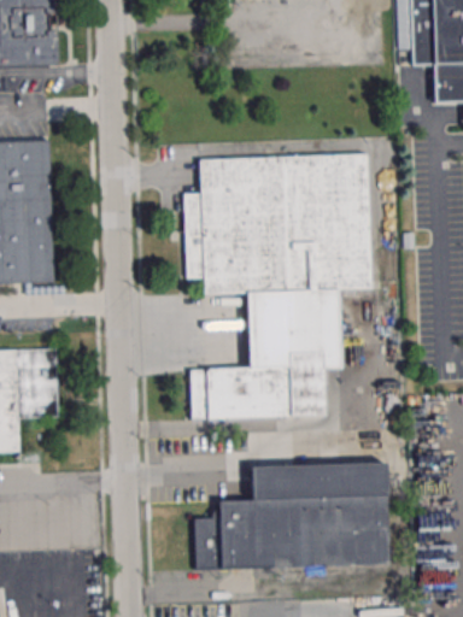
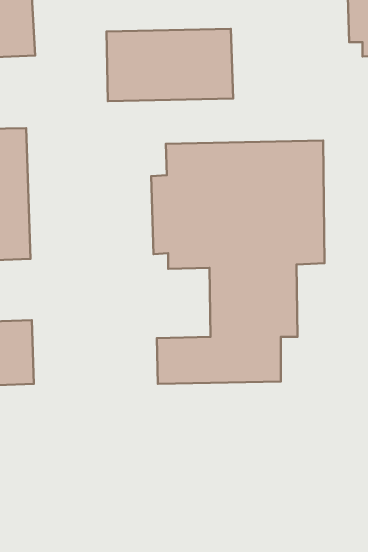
building: none -> [106,29,233,101]
building: [195,463,388,570] -> none

